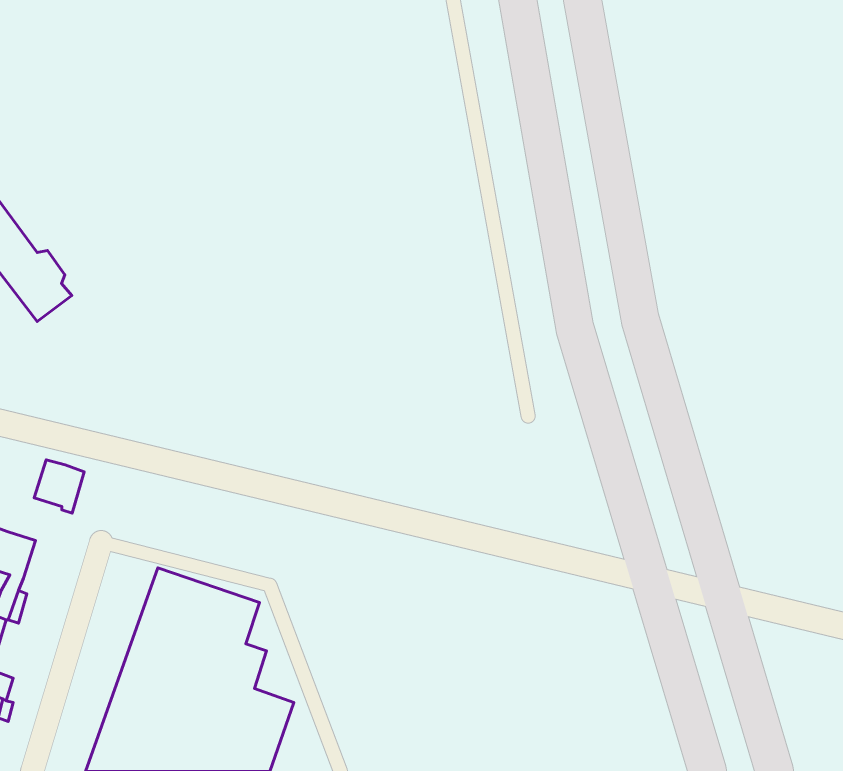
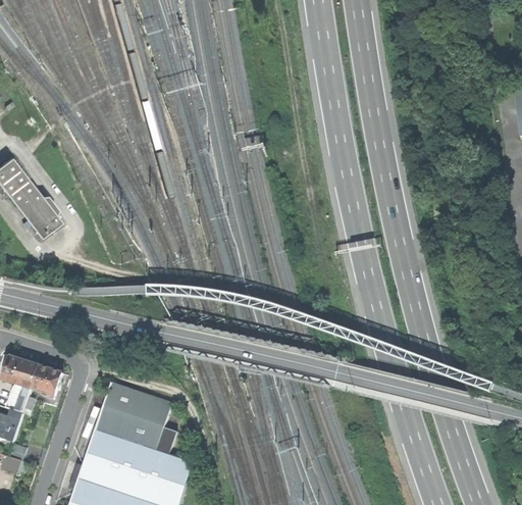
building: [34,460,84,513] -> [32,366,61,398]

